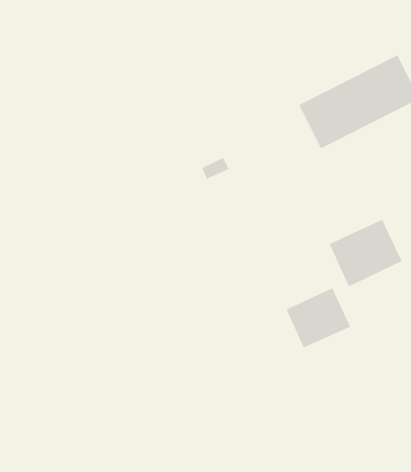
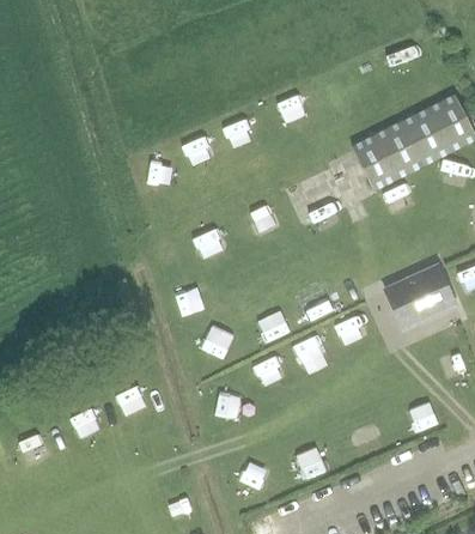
building: [286,287,351,348] -> none

